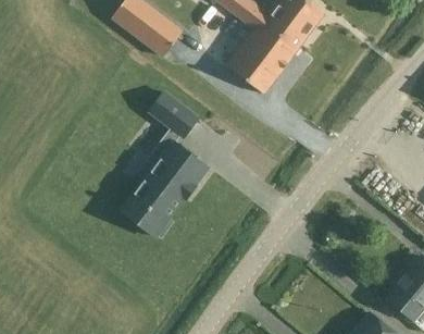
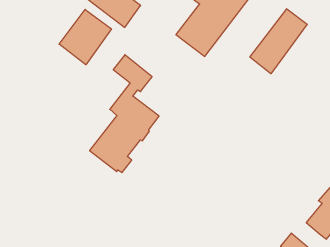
building: none -> [250,9,307,74]
building: none -> [59,9,111,65]

